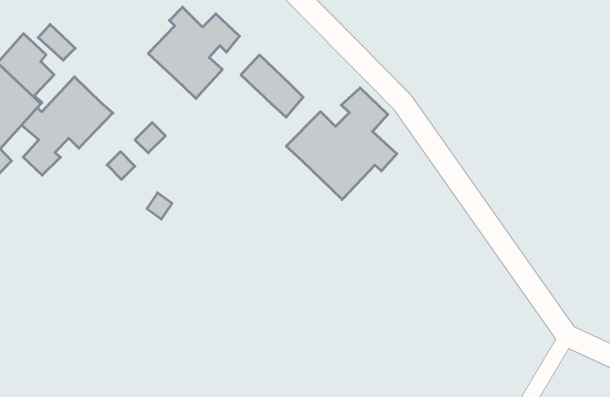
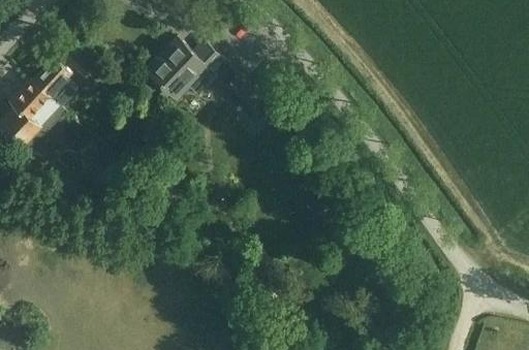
building: [22,77,113,175] -> none
building: [286,88,397,200] -> none

